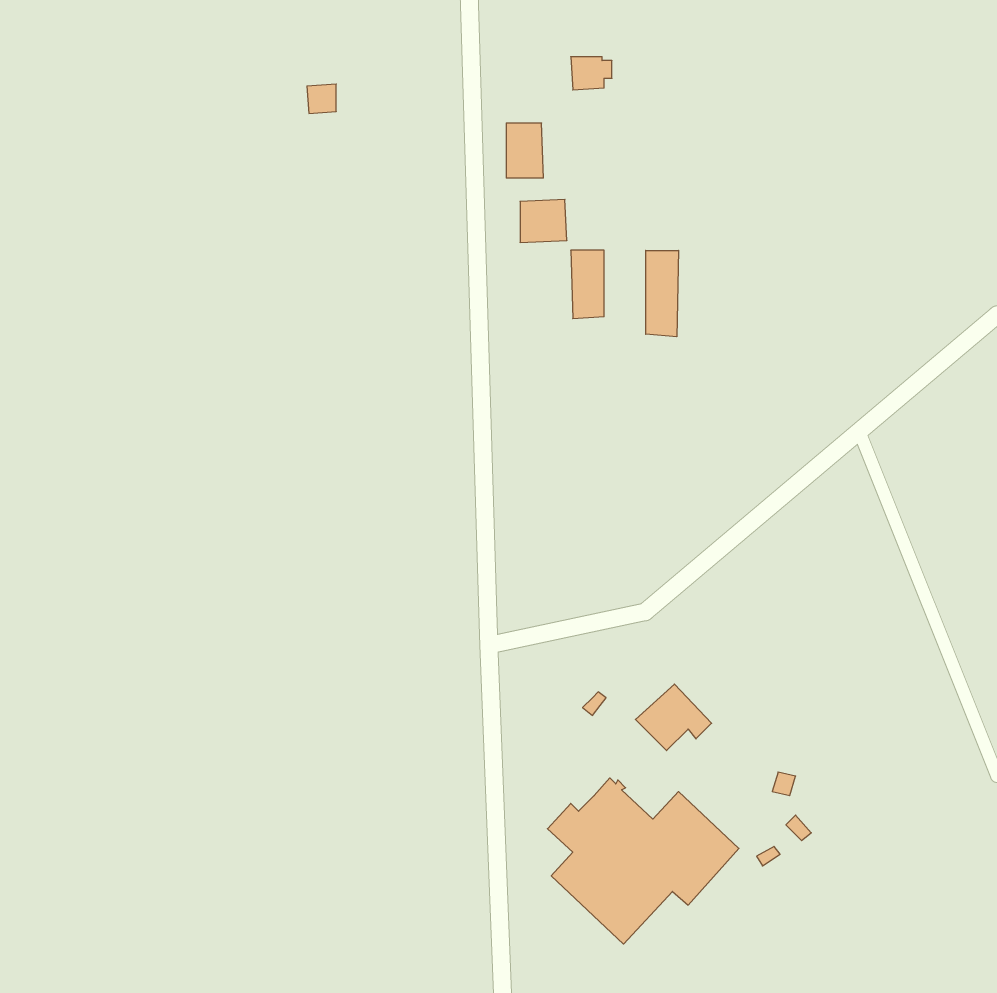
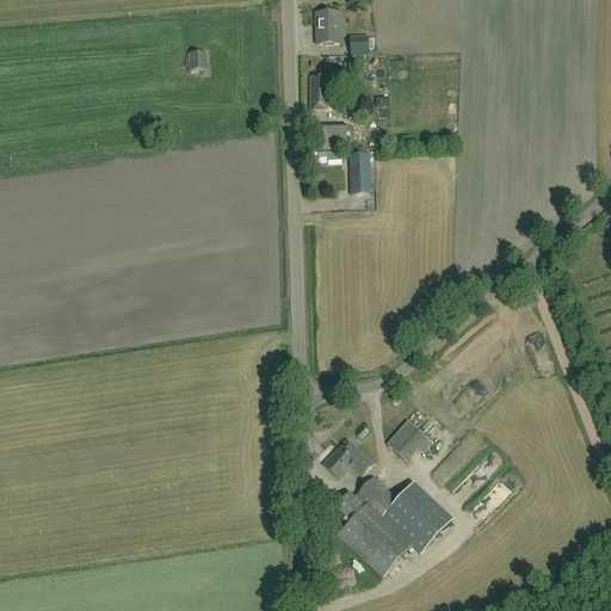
building: none -> [315,11,341,43]
building: [646,250,679,337] -> none
building: none -> [321,438,374,480]

